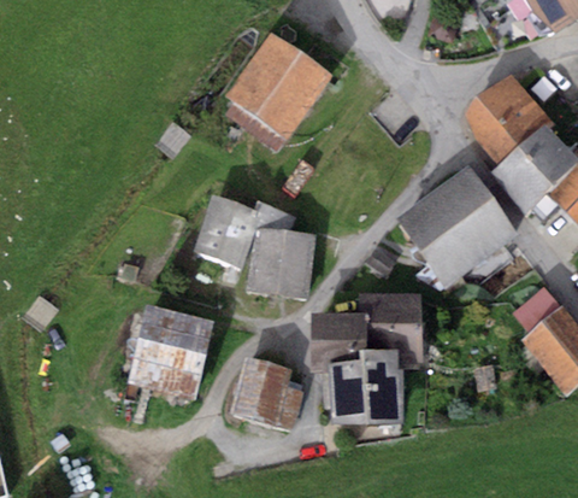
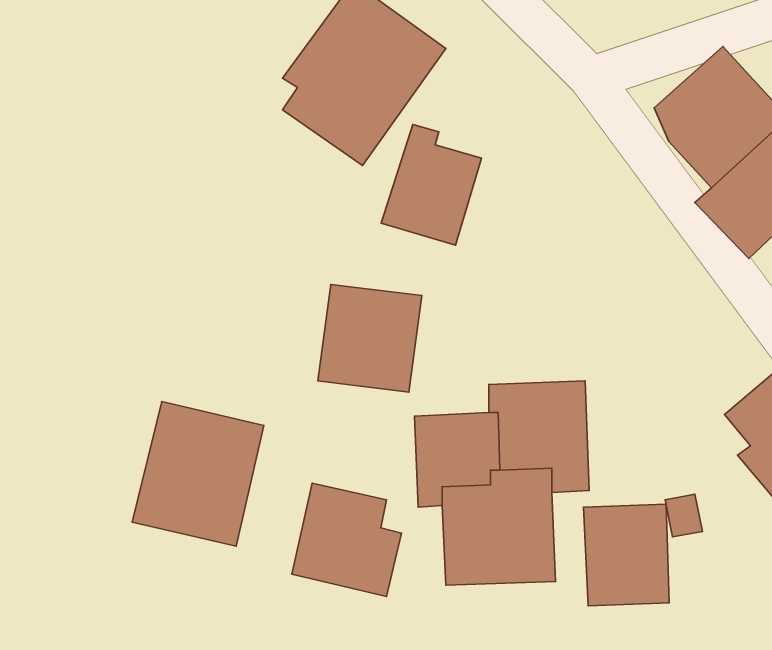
building: [396,166,517,287] -> none
building: [194,189,259,268] -> [381,125,482,245]
building: none -> [584,504,669,606]

